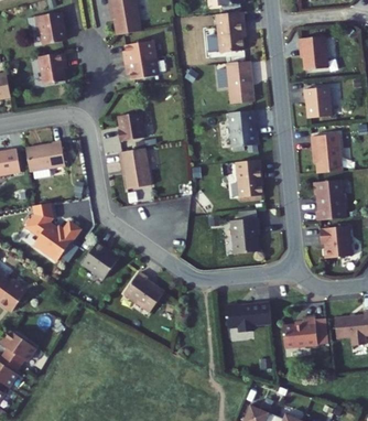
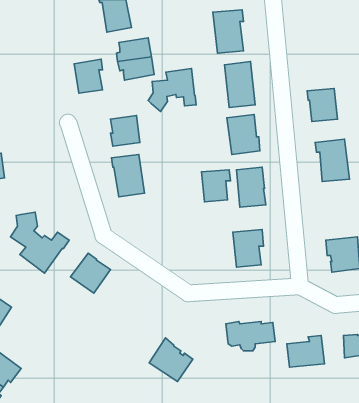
building: [34,10,64,43] -> none
building: [297,36,326,71] -> none
building: [39,50,65,82] -> [74,59,103,93]
building: none -> [148,68,196,111]
building: [24,139,64,169] -> none
building: none -> [202,170,230,202]
building: [313,180,345,220] -> none
building: [125,270,165,311] -> [149,338,193,382]

